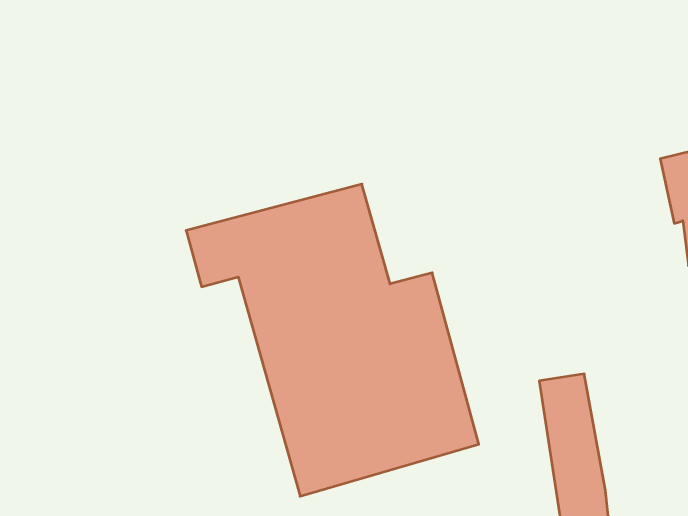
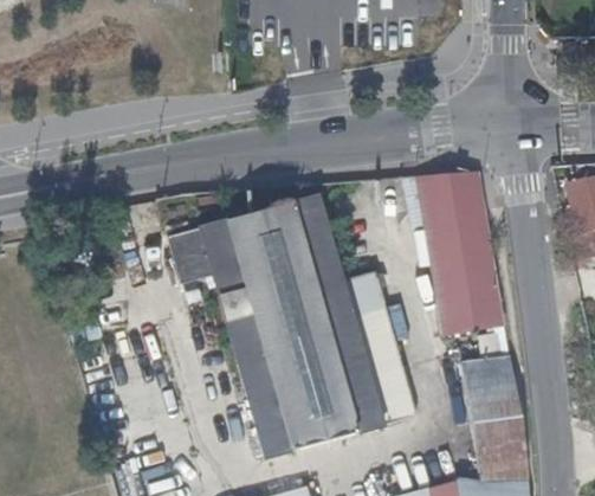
building: none -> [415,170,502,331]

